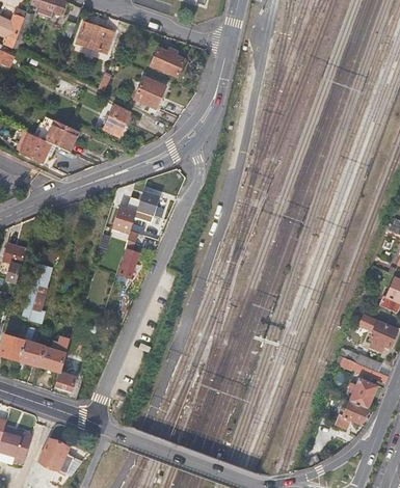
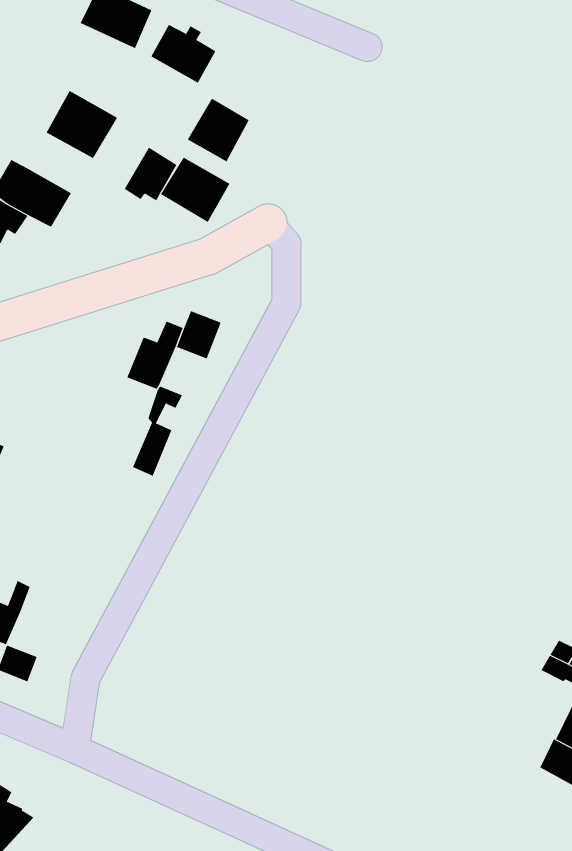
building: [149,47,183,77] -> [150,24,216,84]
building: none -> [46,90,118,159]
building: none -> [160,157,230,223]

